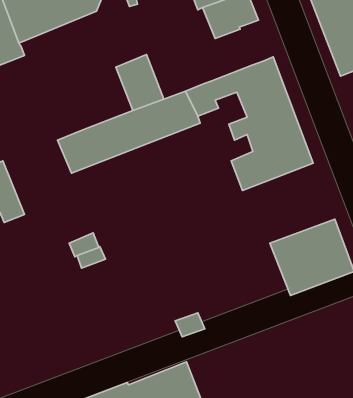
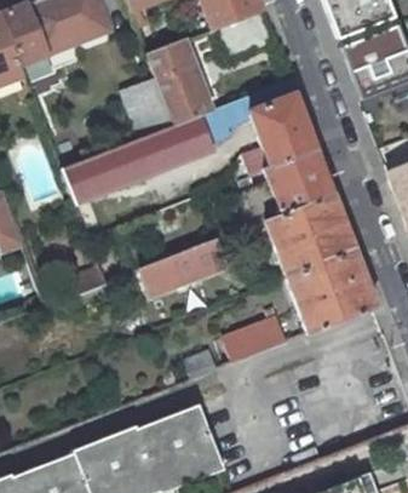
building: none -> [148,39,216,125]
building: none -> [245,193,356,277]
building: none -> [142,239,225,294]
building: none -> [224,309,287,361]

